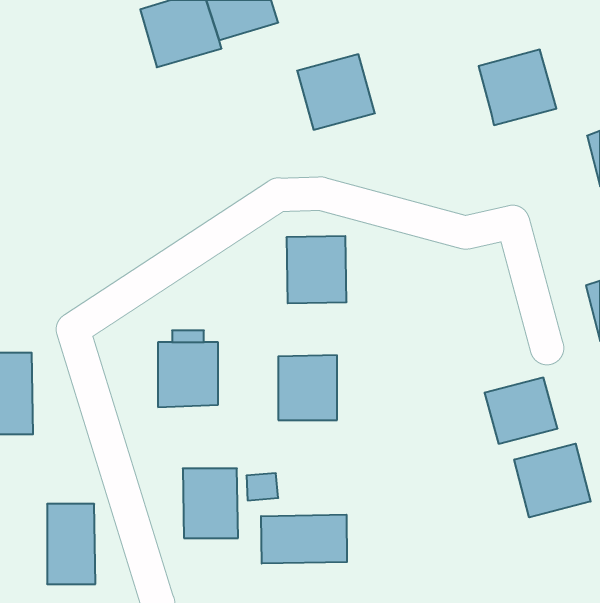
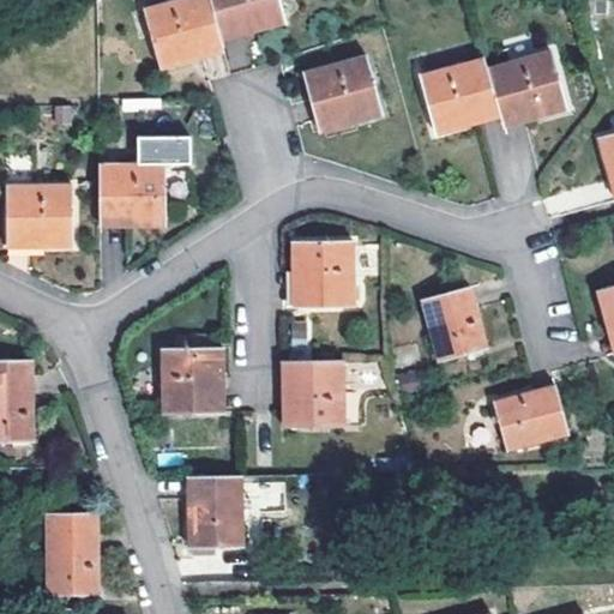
building: none -> [420,58,500,134]
building: none -> [98,138,191,228]
building: none -> [6,185,72,247]
building: none -> [421,285,486,361]
building: [514,444,591,517] -> none
building: [261,515,347,564] -> none

